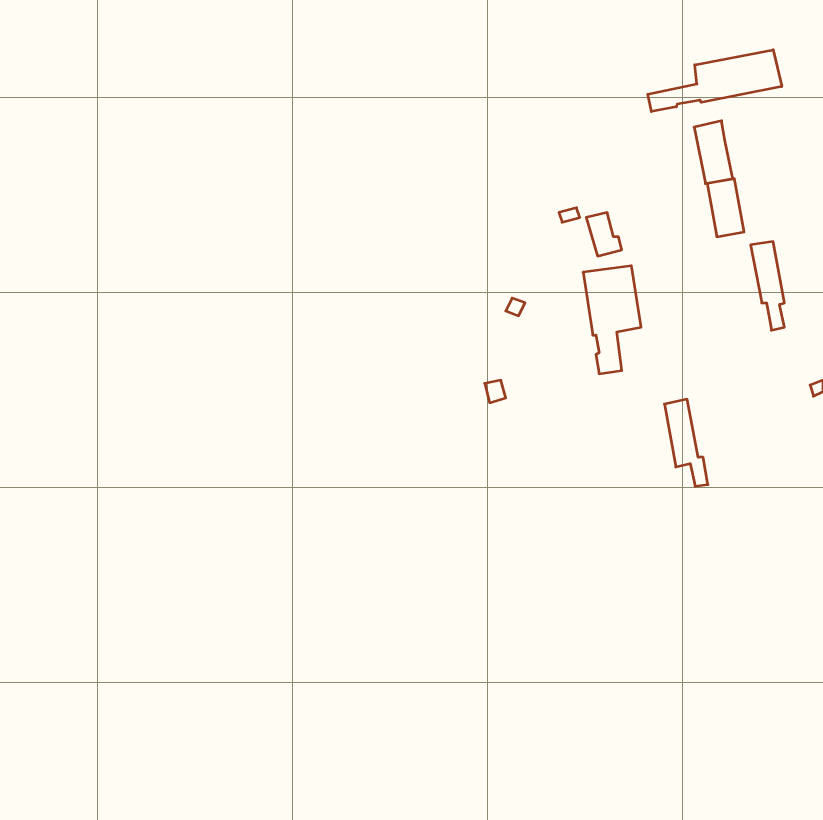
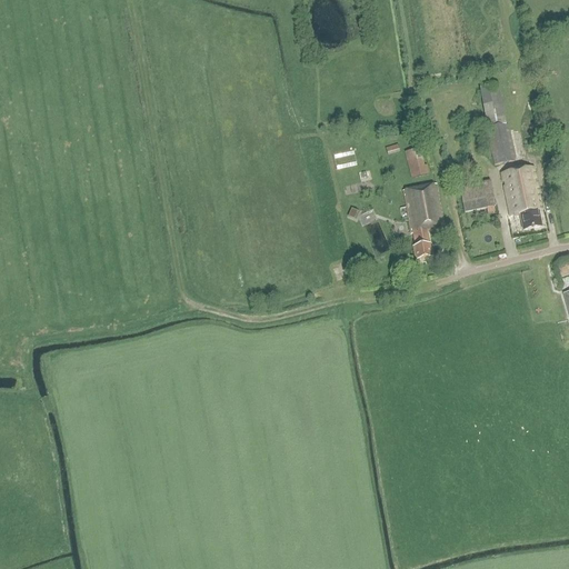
building: [648,50,782,112] -> none
building: none -> [460,180,496,212]
building: [664,399,708,486] -> [502,169,532,229]

